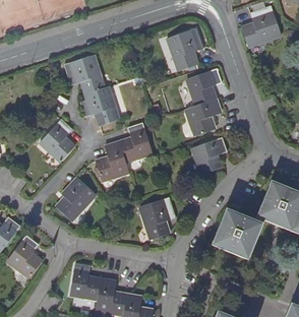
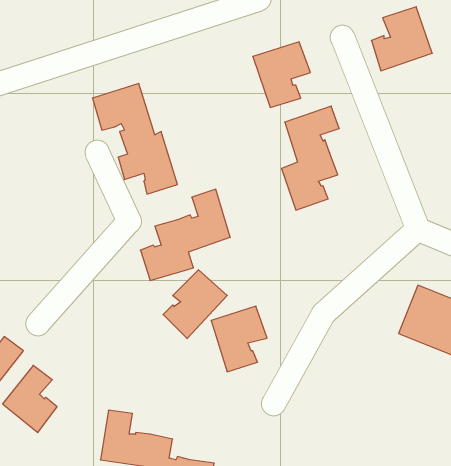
building: [41,119,75,162] -> none
building: [192,138,227,175] -> none
building: [56,178,97,221] -> [163,270,227,339]
building: [216,211,259,255] -> none

